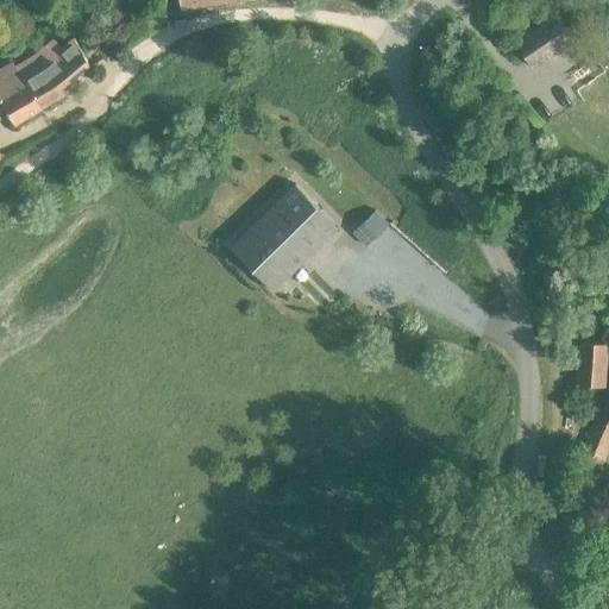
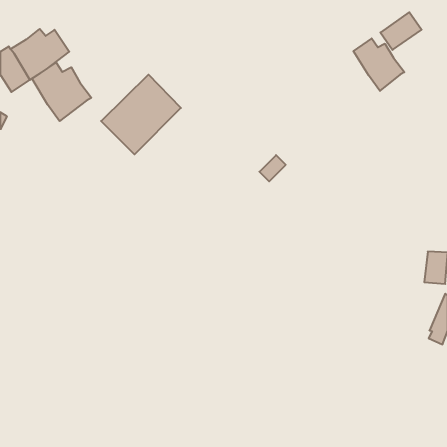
building: none -> [353,38,404,91]
building: none -> [32,63,91,121]
building: [230,186,338,294] -> [101,75,181,154]

